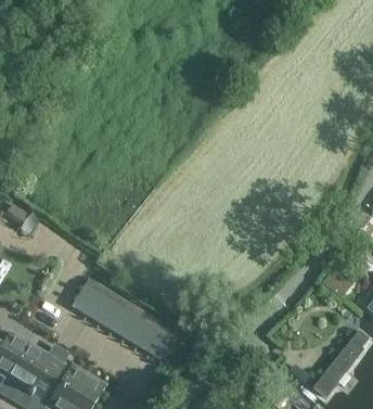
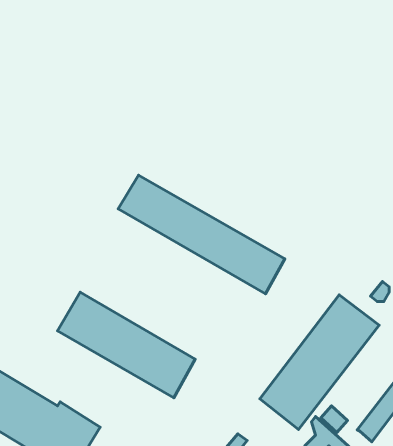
building: none -> [118,175,285,294]
building: none -> [260,295,379,430]

